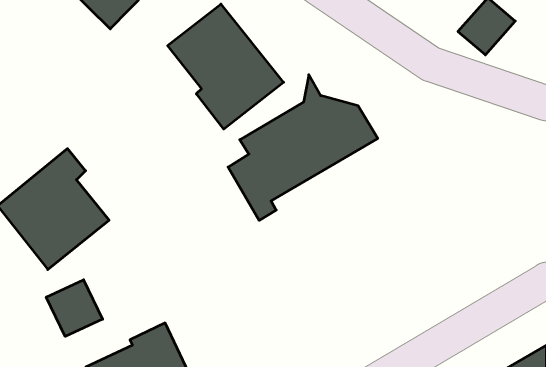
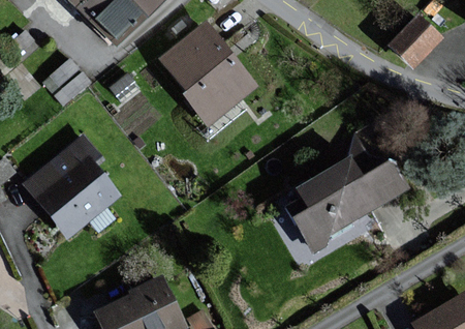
building: [228,75,378,220] -> [289,134,408,250]
building: [46,280,103,336] -> none

